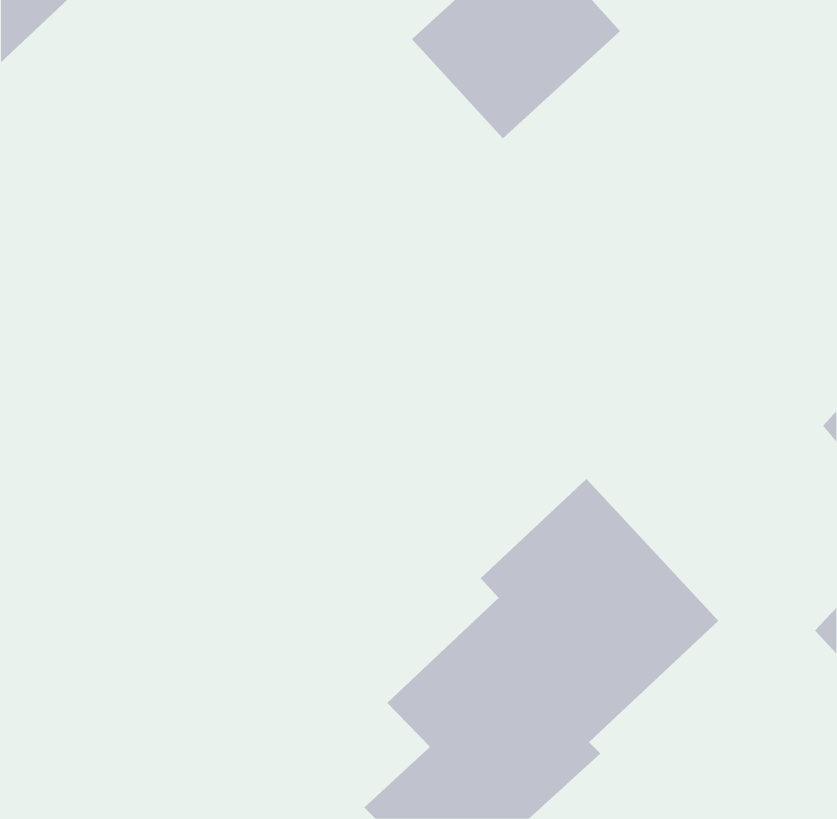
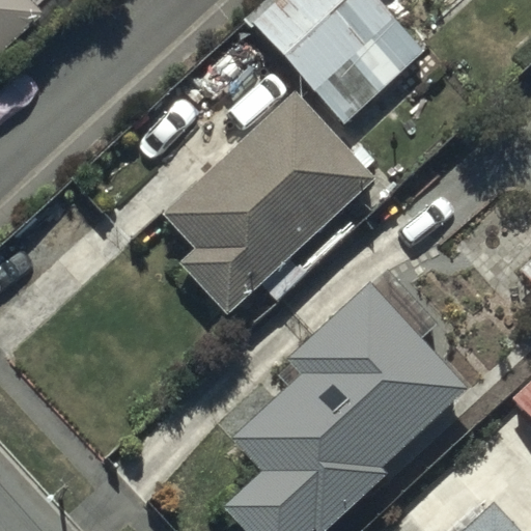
building: none -> [170,103,368,309]

